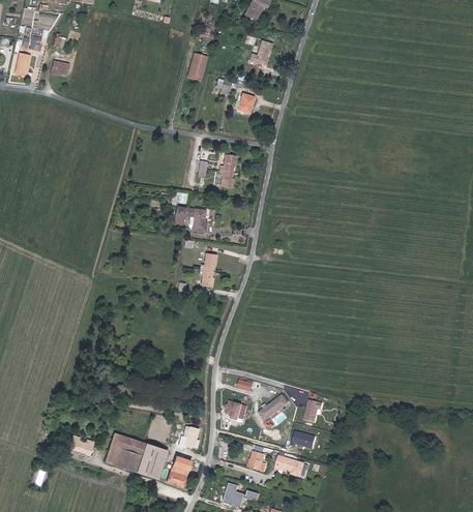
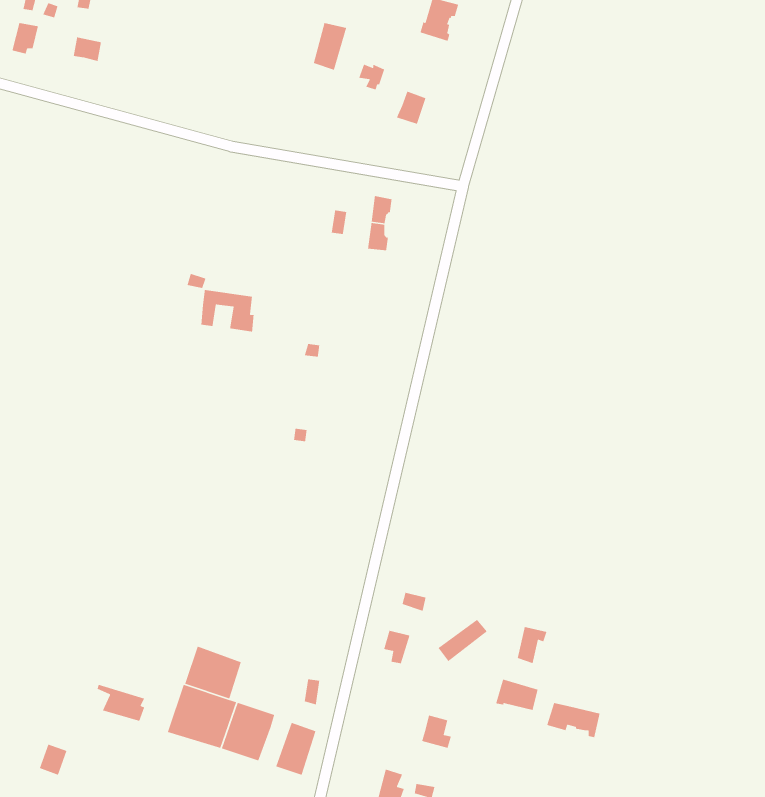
building: [174,206,205,231] -> [200,289,255,332]
building: [199,251,216,289] -> none
building: none -> [184,646,242,699]
building: [276,456,307,477] -> [546,702,600,738]

